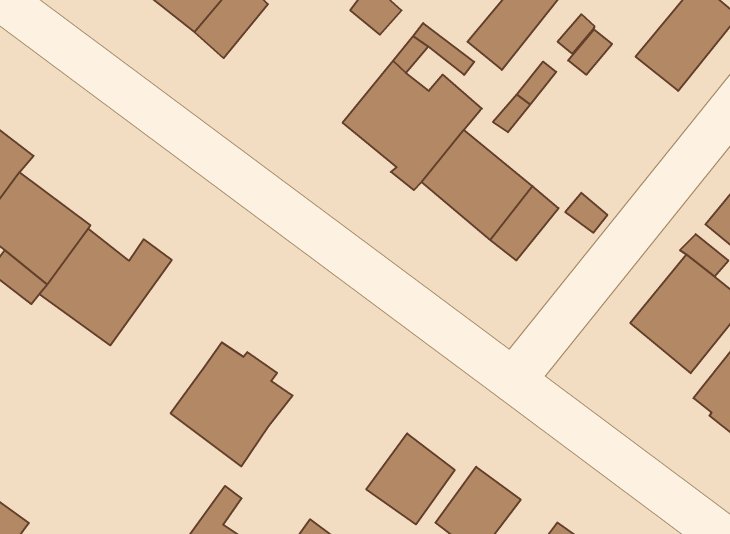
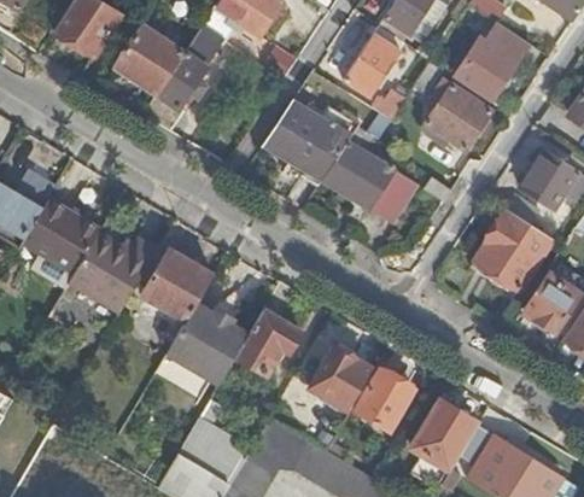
building: none -> [425,78,491,150]
building: none -> [141,248,214,321]
building: none -> [234,281,300,374]

